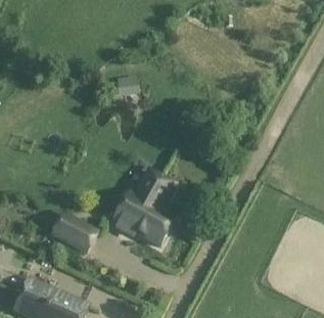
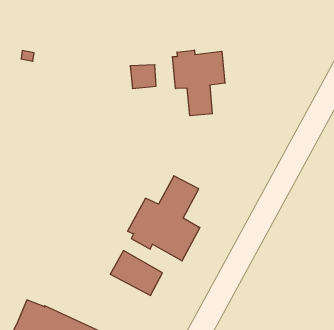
building: none -> [172,50,225,116]
building: [51,213,96,252] -> [110,251,162,295]

